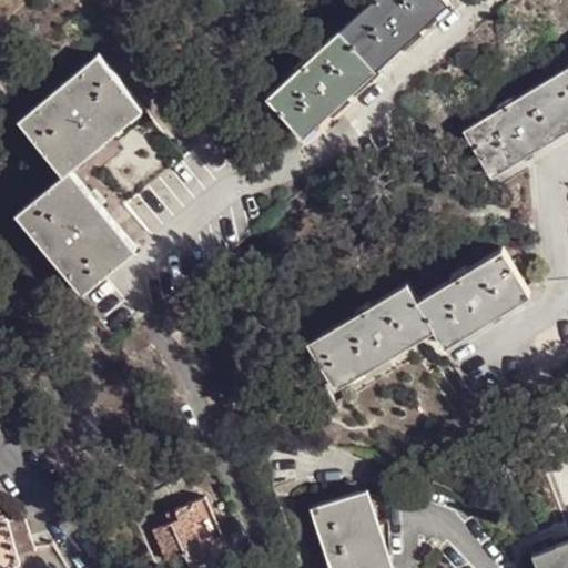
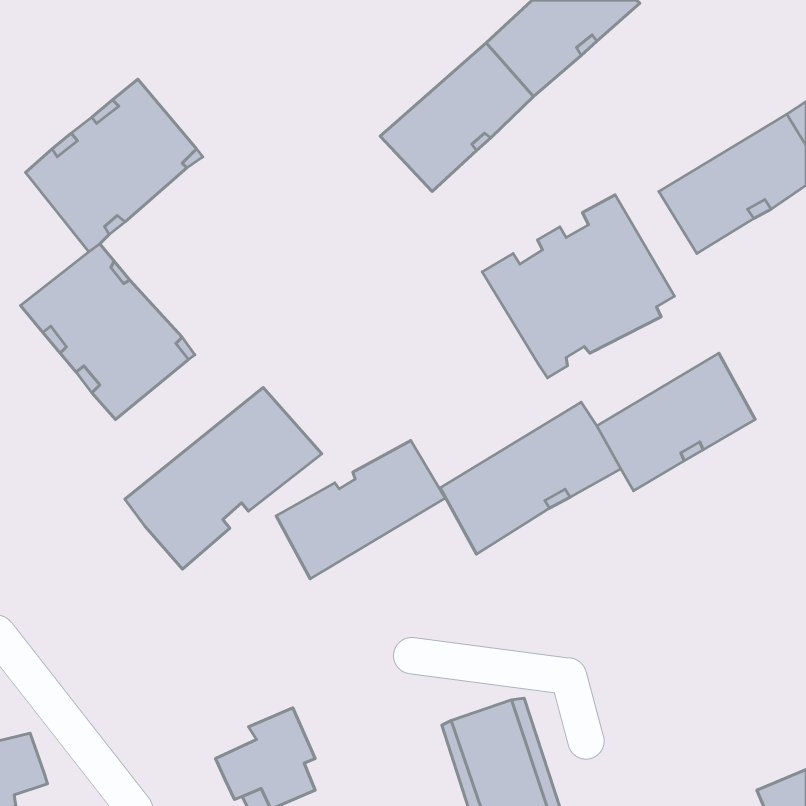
building: none -> [482,195,674,378]
building: none -> [125,387,322,569]
building: none -> [276,440,445,579]

